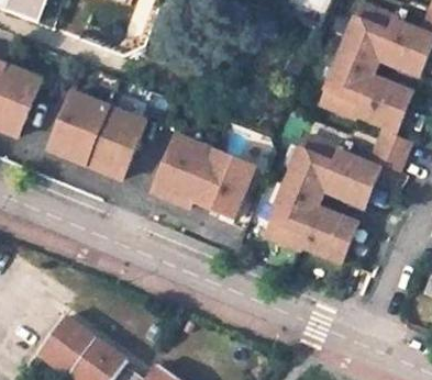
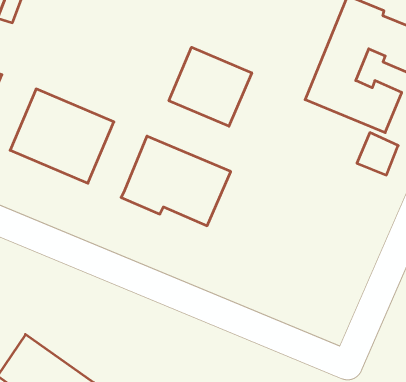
building: none -> [169,47,252,126]
building: [265,133,380,259] -> none

